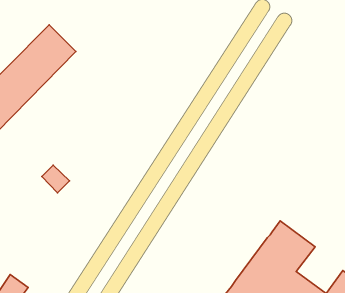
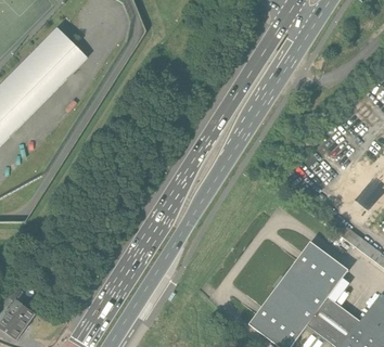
building: [42,165,69,193] -> none

